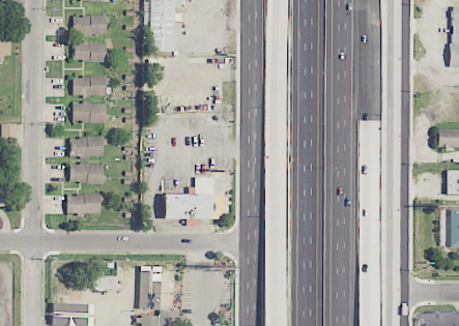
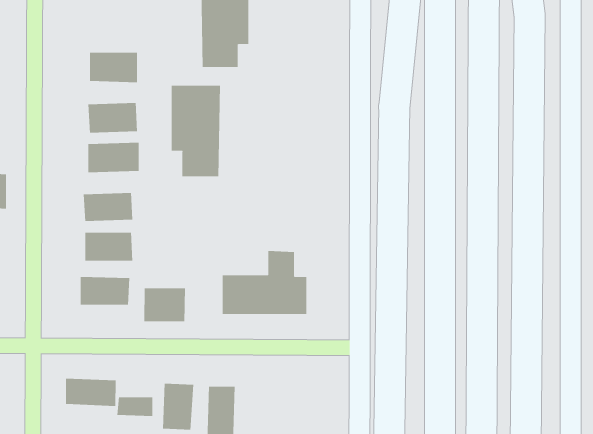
building: [73,14,107,35] -> none
building: none -> [171,85,220,177]
building: none -> [144,288,185,322]
building: none -> [65,378,116,407]

